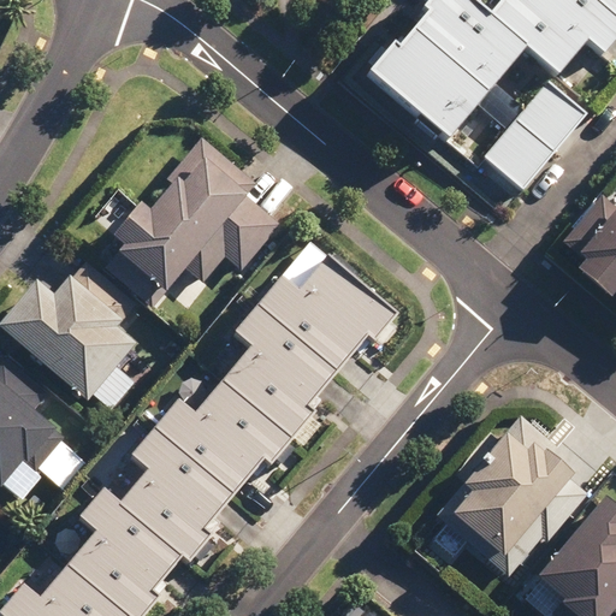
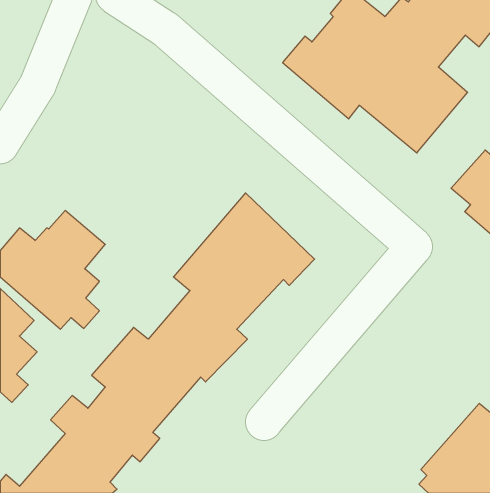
building: [99,140,284,310] -> none
building: [438,416,570,567] -> none

